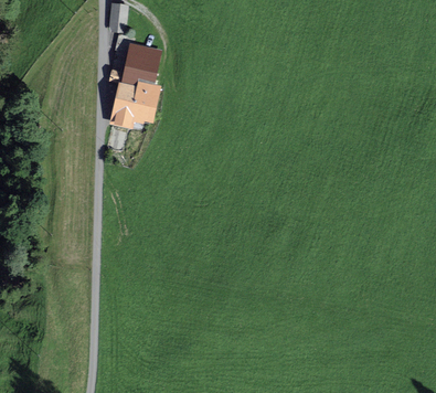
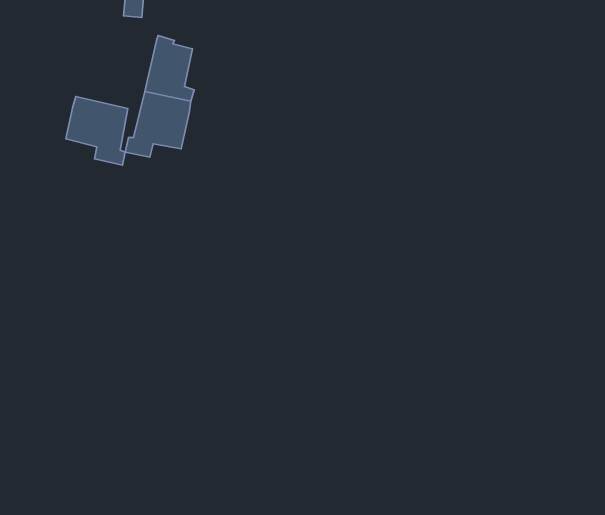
building: none -> [66,97,128,165]

